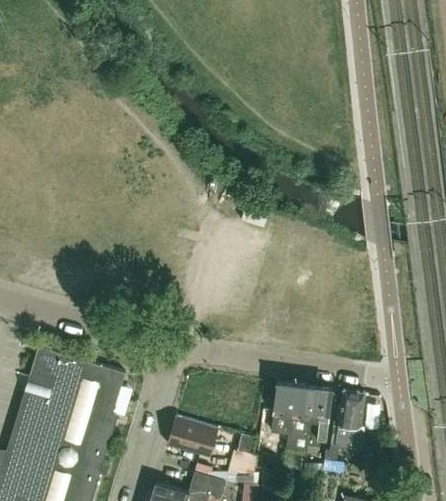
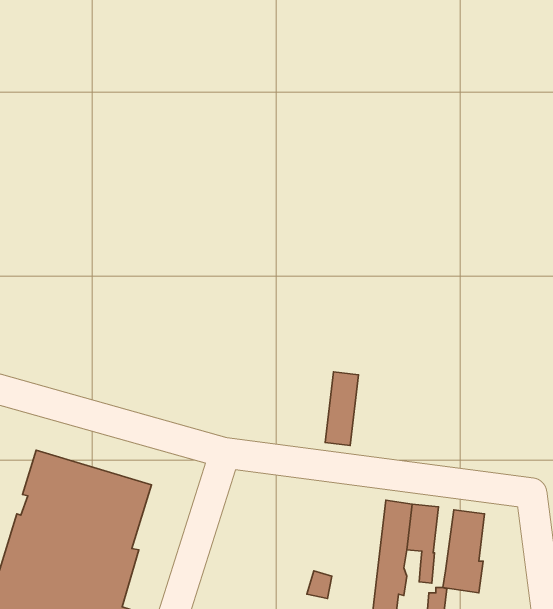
building: [270,381,294,434] -> [325,372,358,445]
building: [167,416,218,456] -> none

